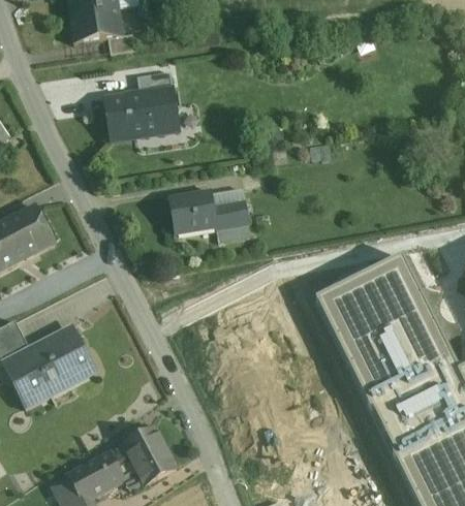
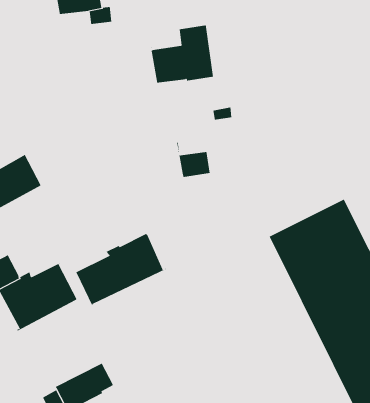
building: [105,71,179,138] -> [150,25,214,83]
building: [169,192,216,235] -> none
building: none -> [74,233,167,306]
building: [124,428,177,483] -> none

